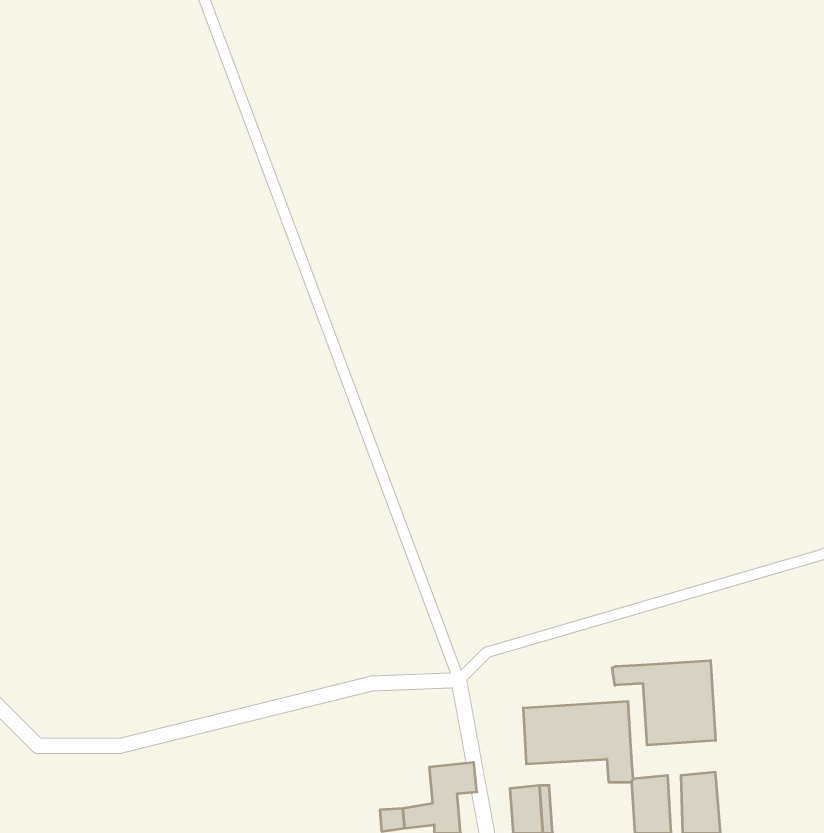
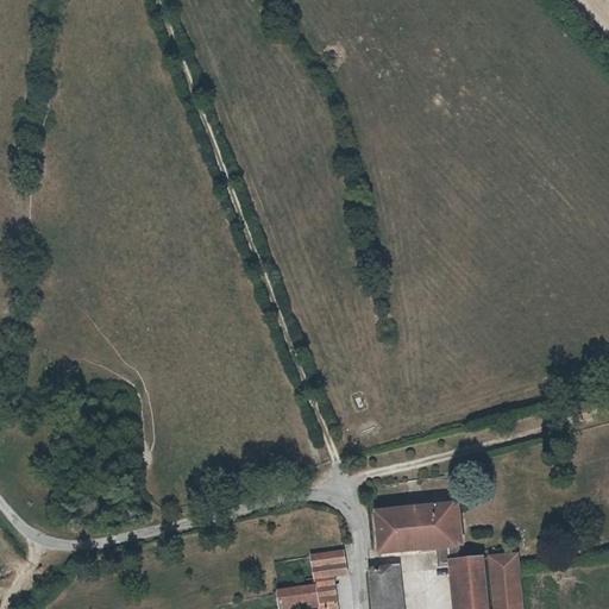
building: [612,660,716,745] -> none

